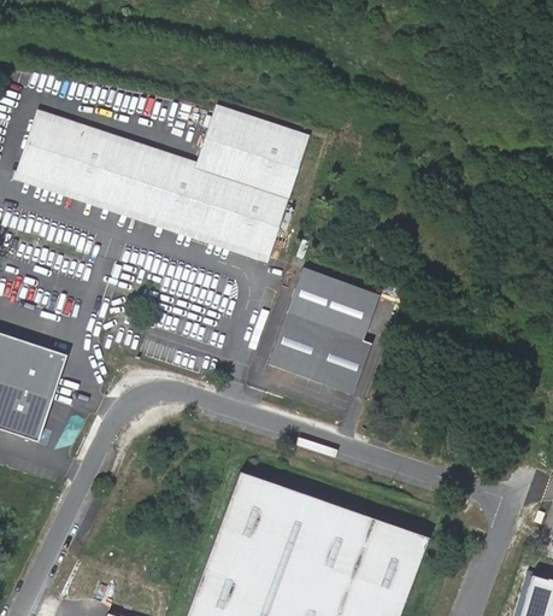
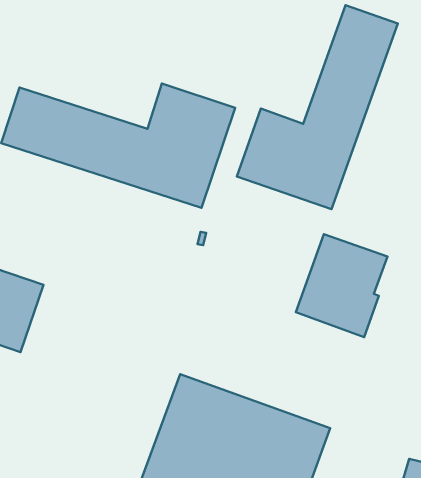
building: none -> [237,5,398,209]
building: [269,266,383,395] -> [296,234,387,337]

